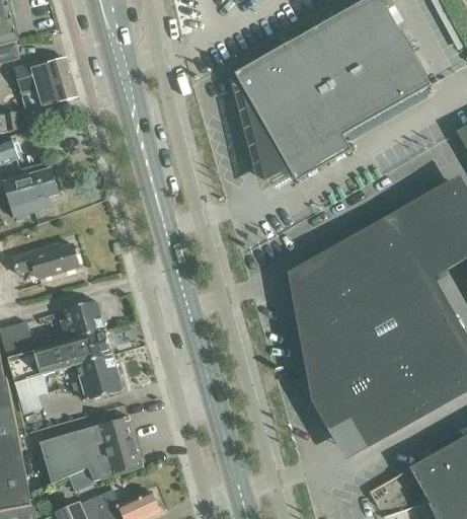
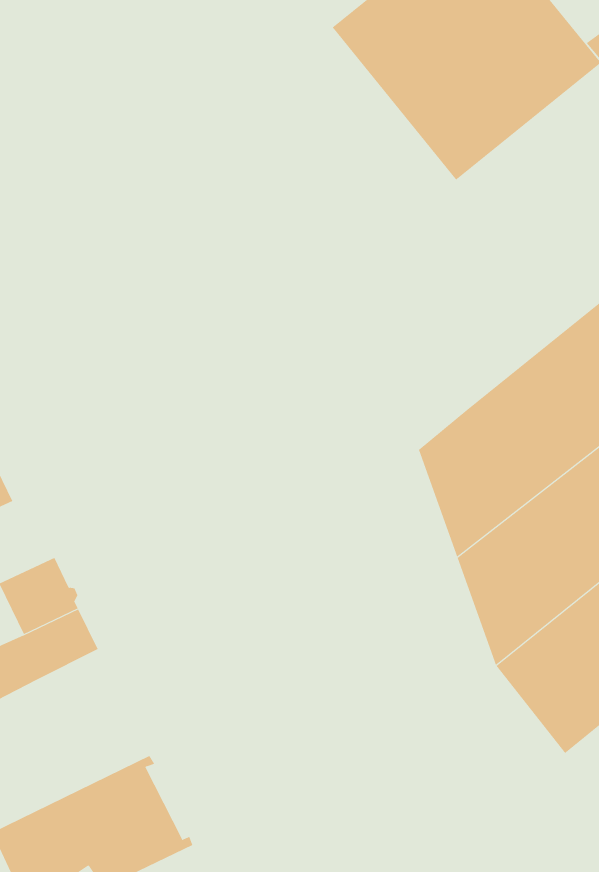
building: [235,44,351,181] -> none
building: [71,354,122,400] -> none

